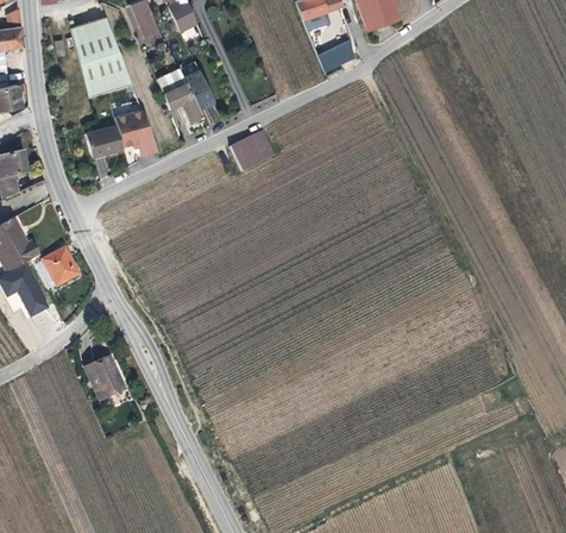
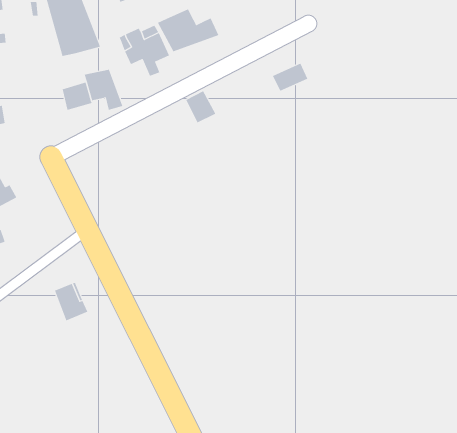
building: [320,38,360,70] -> [272,63,308,92]
building: none -> [157,8,219,52]
building: [40,247,78,287] -> none

